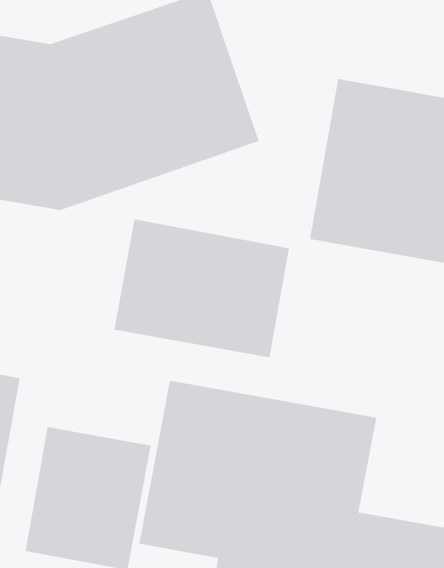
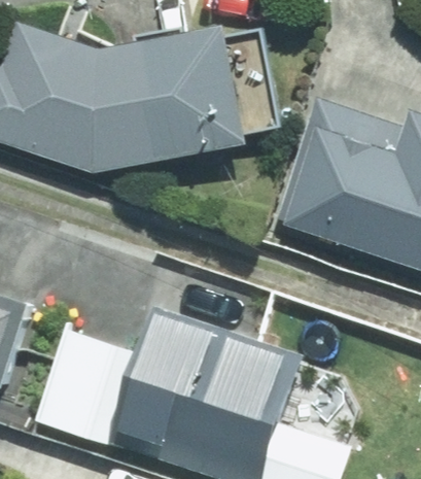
building: [114,218,290,358] -> none

